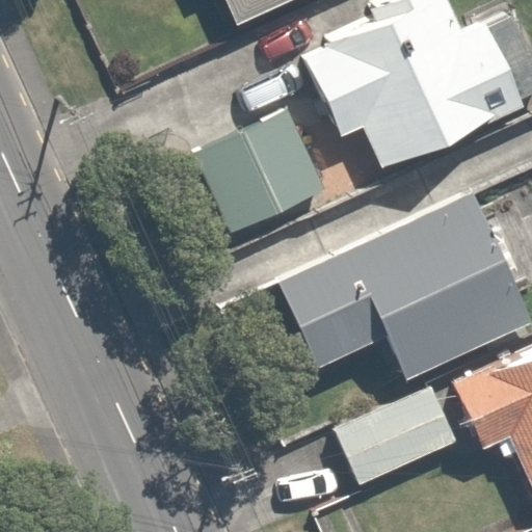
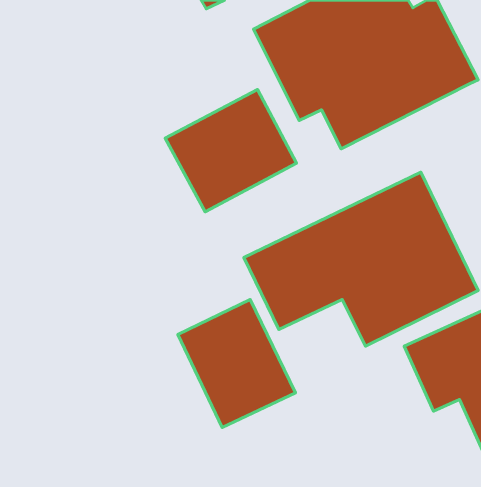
building: none -> [178,300,295,427]
building: [341,380,461,484] -> none

